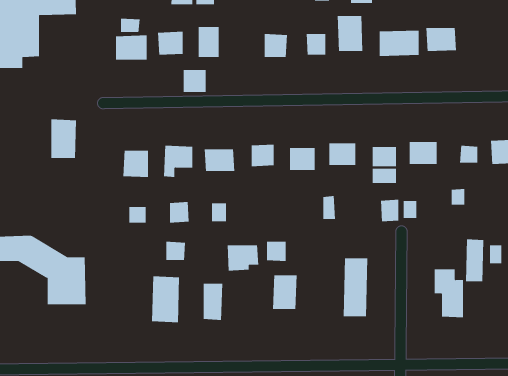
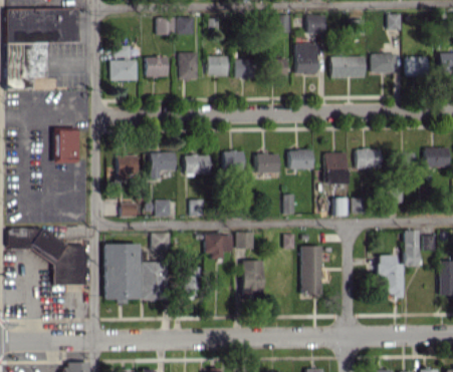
building: none -> [406,56,427,76]
building: [183,70,207,92] -> [208,55,228,74]
building: none -> [104,244,140,304]

